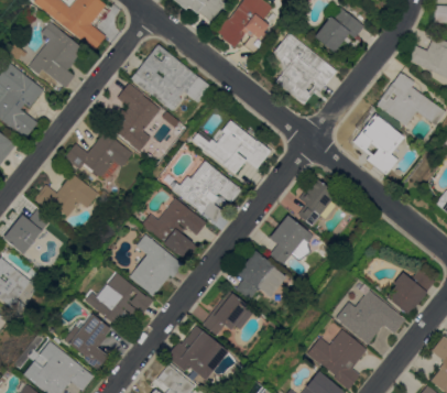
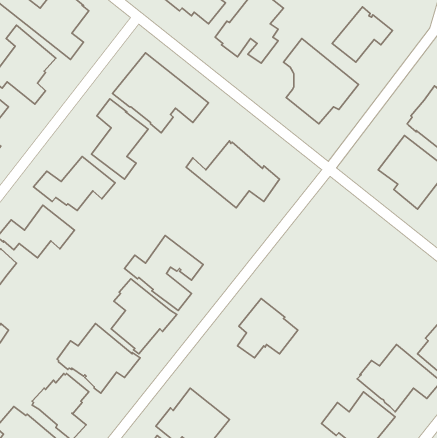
building: [171,162,242,222] -> none
building: [298,177,337,227] -> none
building: [270,215,314,265] -> none
building: [204,292,253,336] -> none

